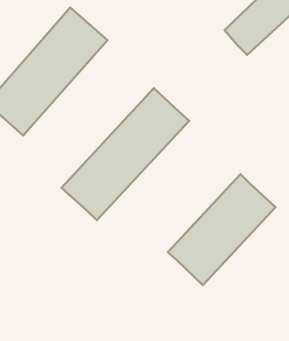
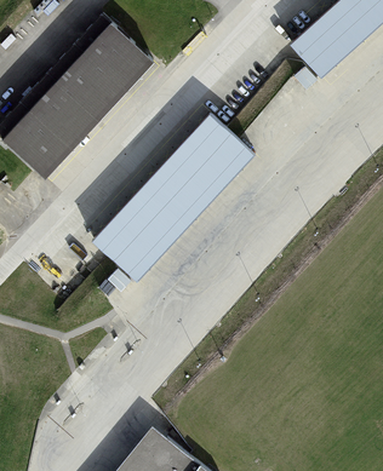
building: [168,174,275,285] -> none

